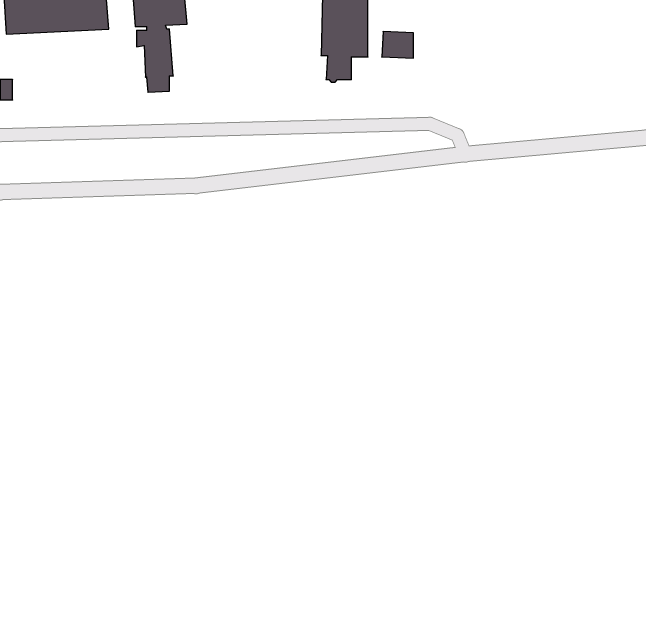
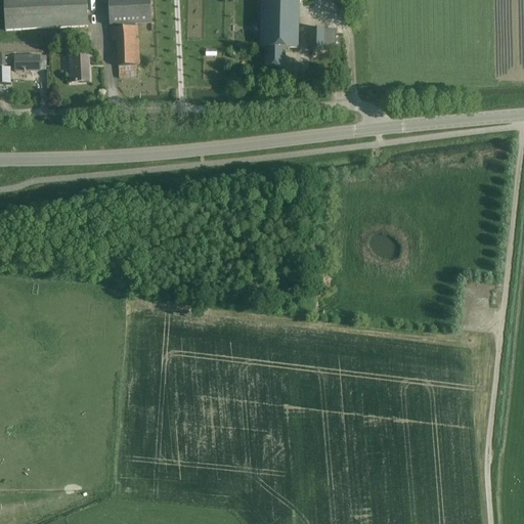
building: none -> [14,52,46,68]
building: none -> [70,53,90,79]

